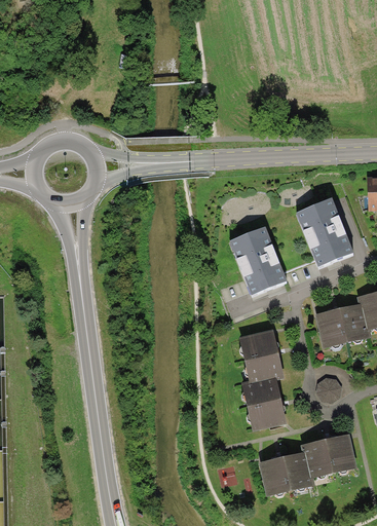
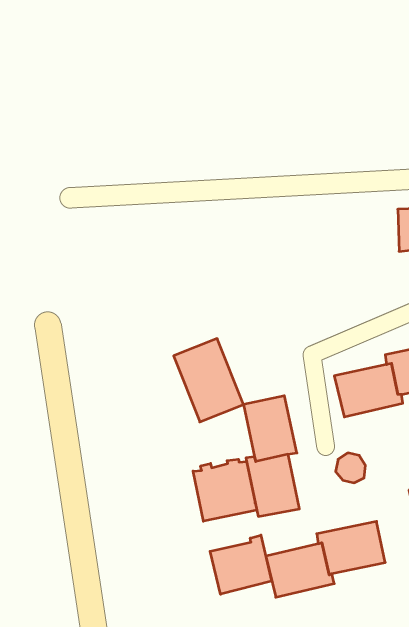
building: [295,196,353,266] -> none
building: [229,225,287,294] -> [174,339,243,422]
building: none -> [193,459,257,521]
building: none -> [210,535,271,594]

